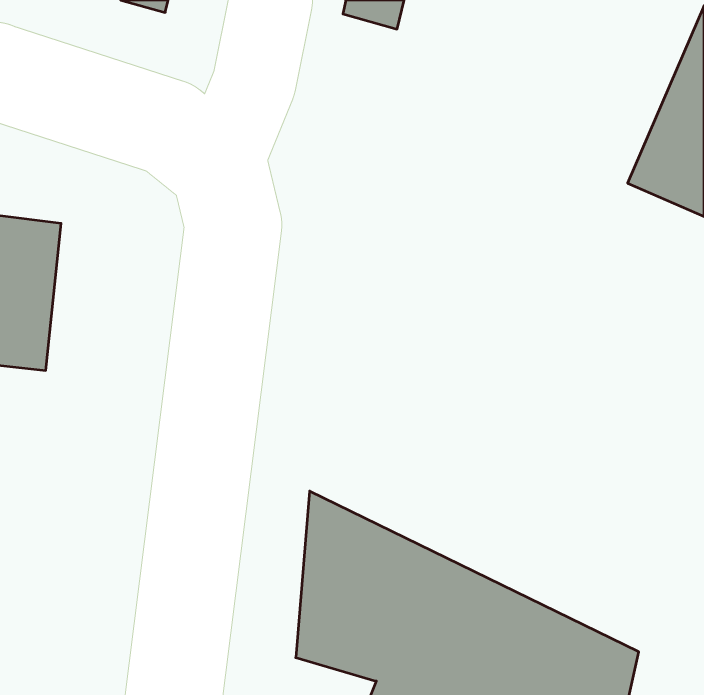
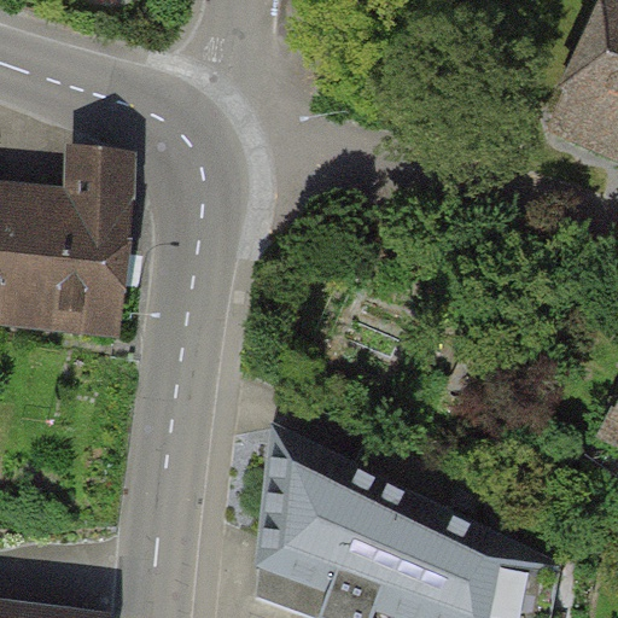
building: none -> [40,167,128,342]

